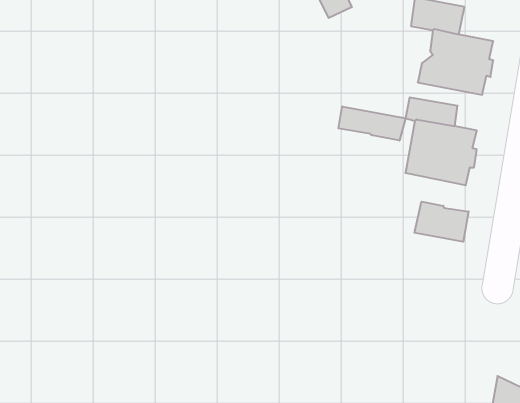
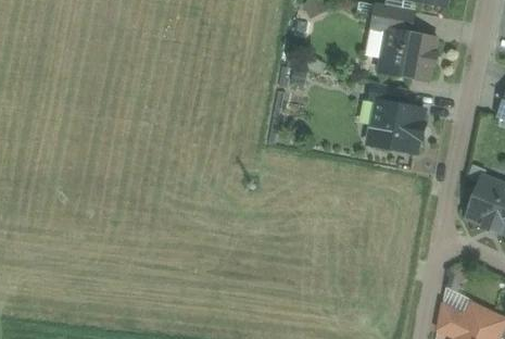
building: [338,106,405,141] -> none
building: [414,202,469,242] -> none

